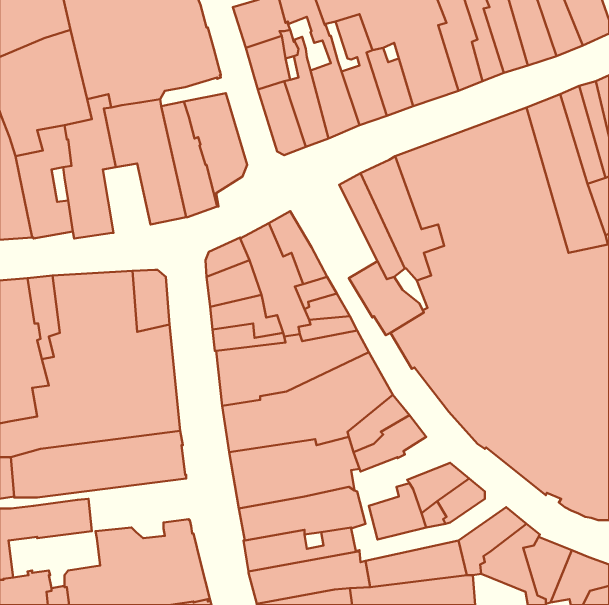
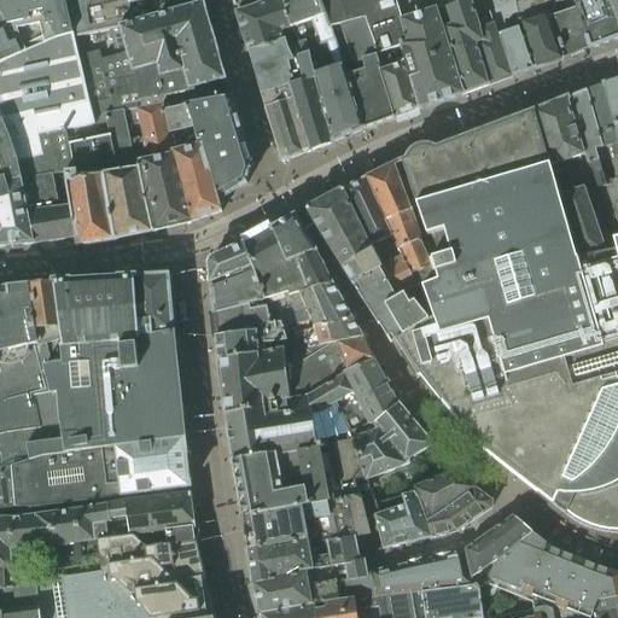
building: none -> [104,165,152,235]
building: none -> [305,187,381,281]
building: none -> [89,491,192,537]

